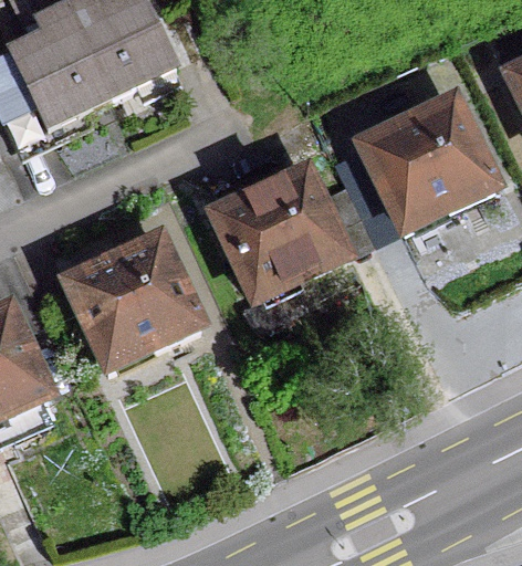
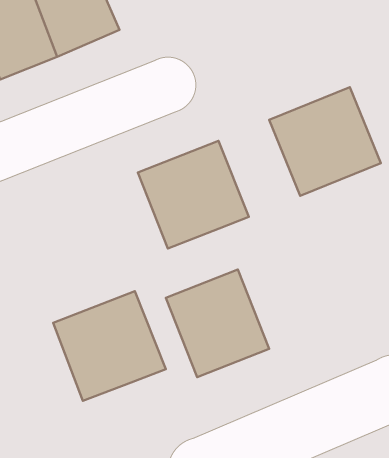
building: [63,240,196,369] -> [53,291,166,401]
building: none -> [166,270,269,377]

